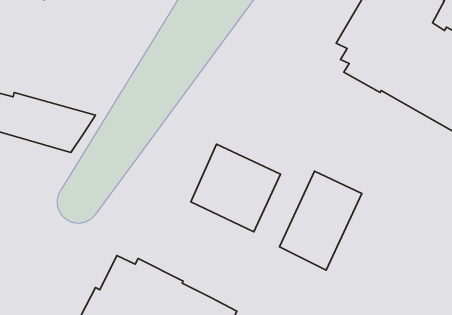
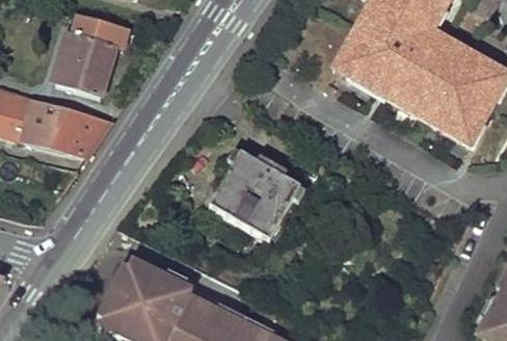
building: none -> [55,15,122,99]
building: [280,171,362,270] -> none

